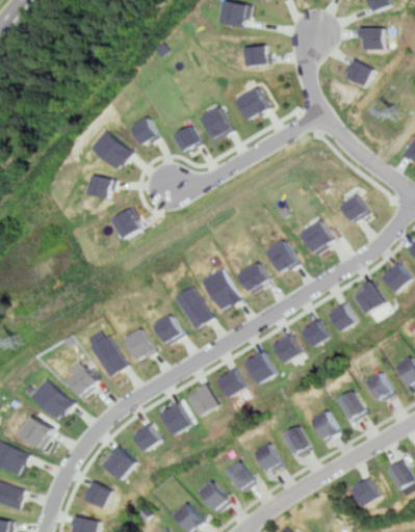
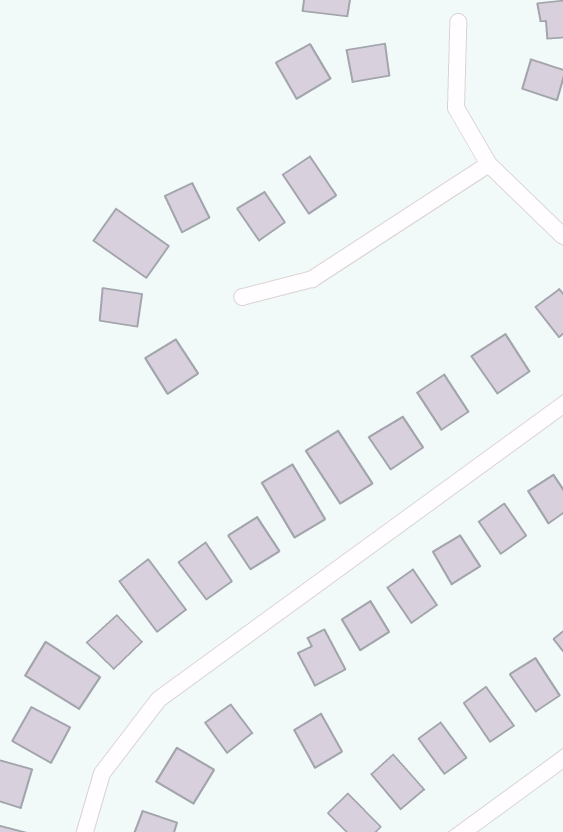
building: [236,88,267,119] -> [276,44,331,99]
building: [160,403,187,434] -> [294,714,342,768]

